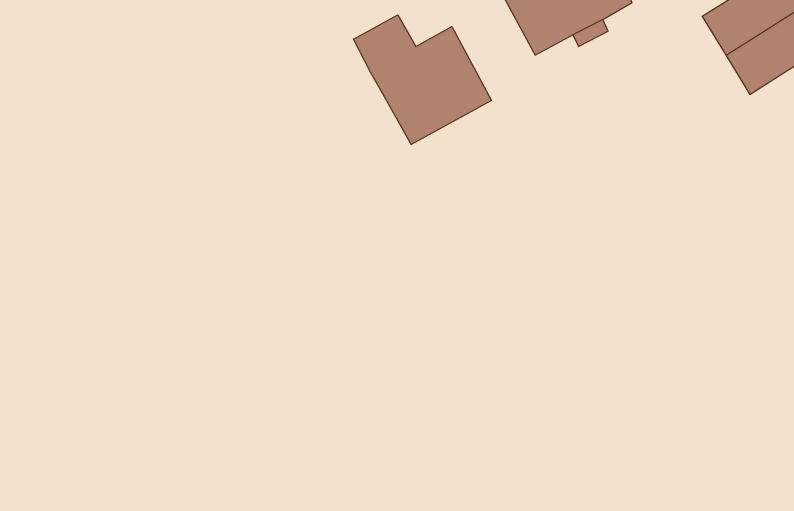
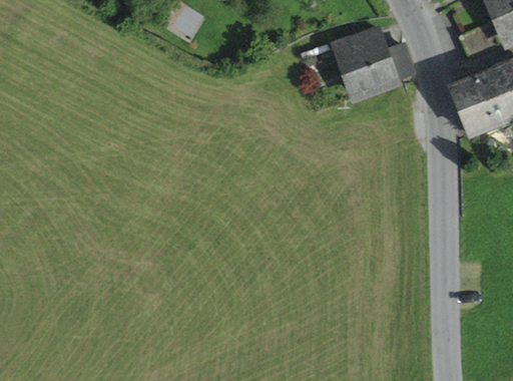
building: [353,15,491,145] -> none

